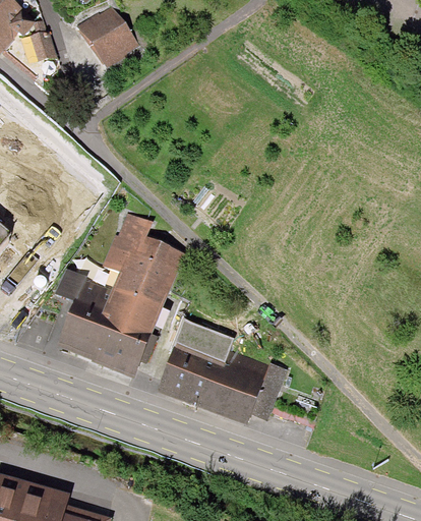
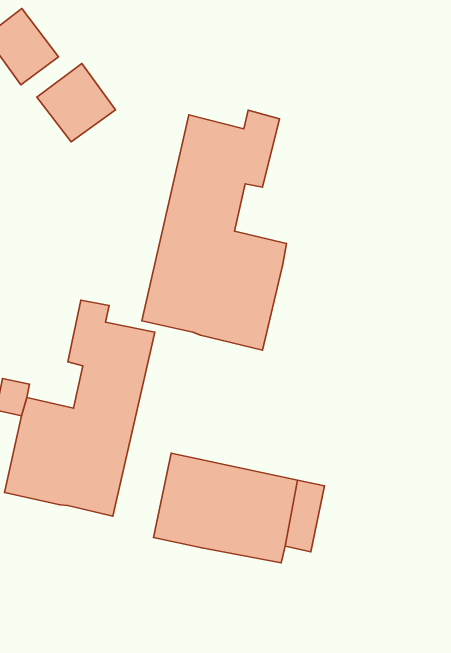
building: none -> [37,64,115,142]
building: none -> [142,110,287,350]

